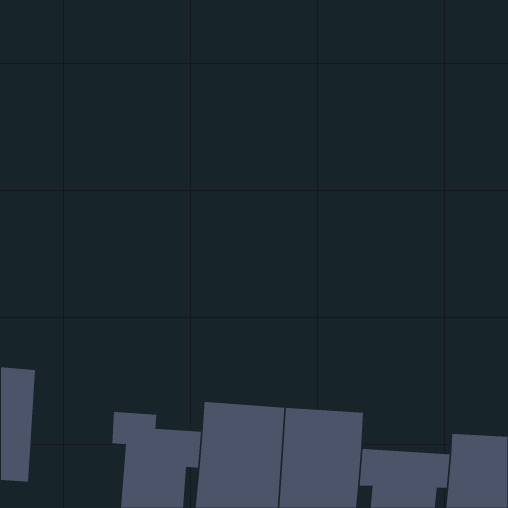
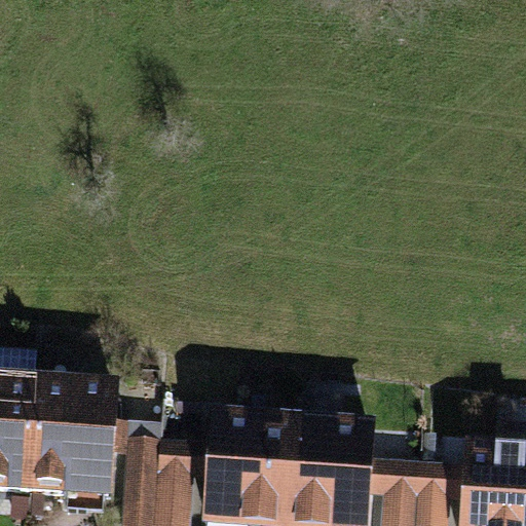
building: none -> [30,382,120,504]

